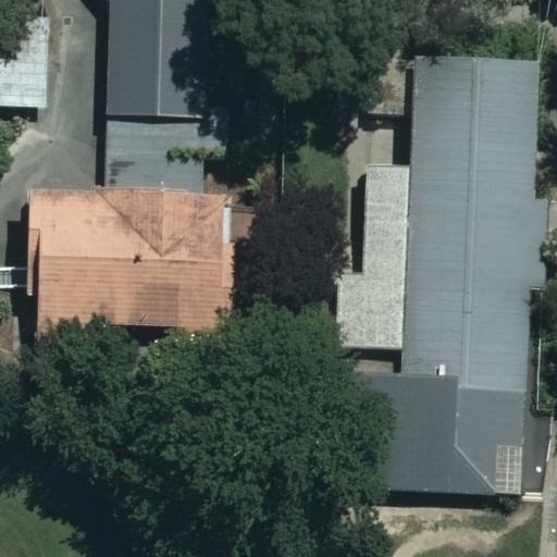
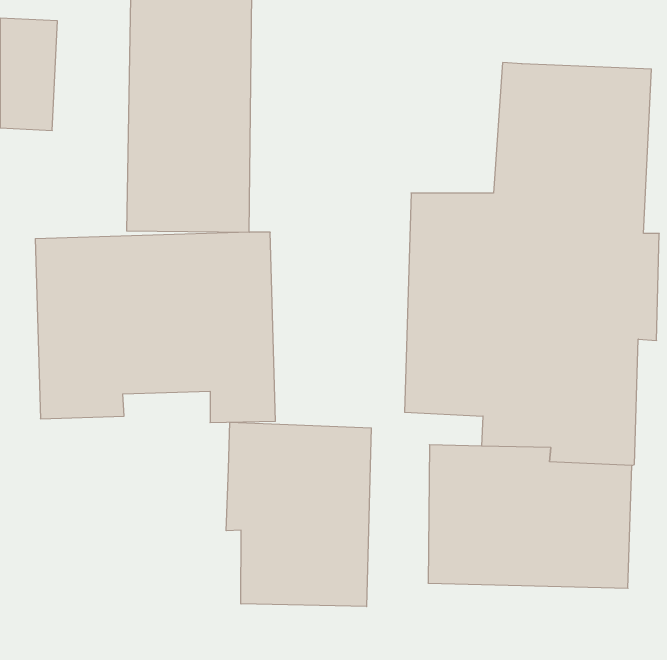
building: none -> [226,422,371,607]

